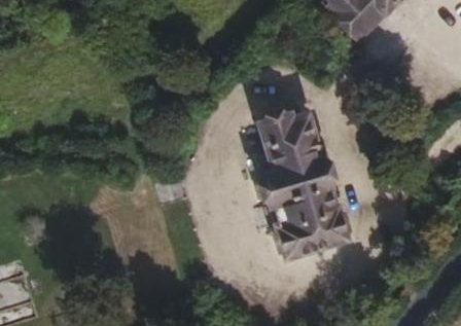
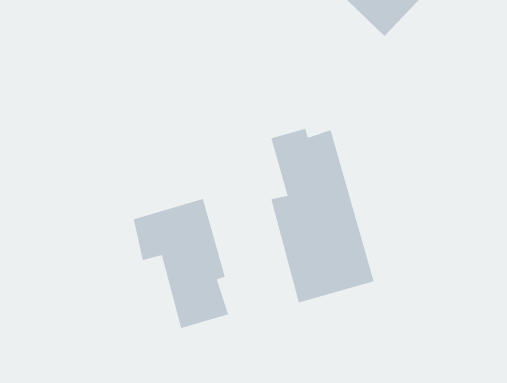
building: none -> [133,198,229,329]

